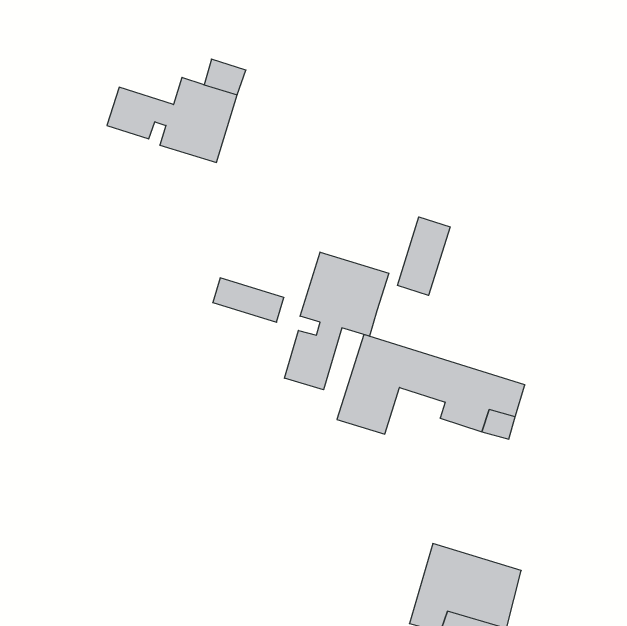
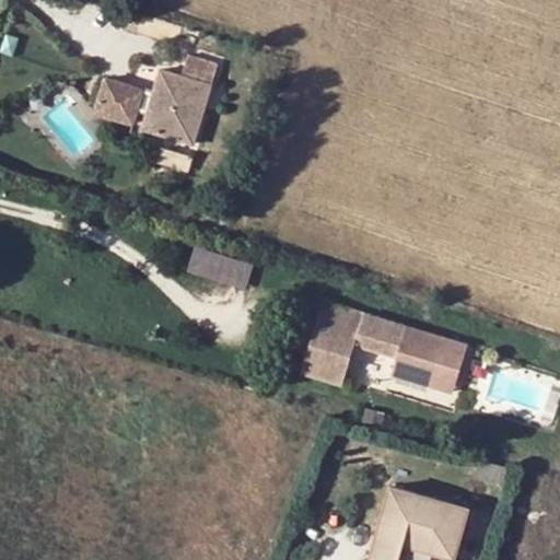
building: [397,217,450,295] -> none
building: [284,252,389,390] -> none

